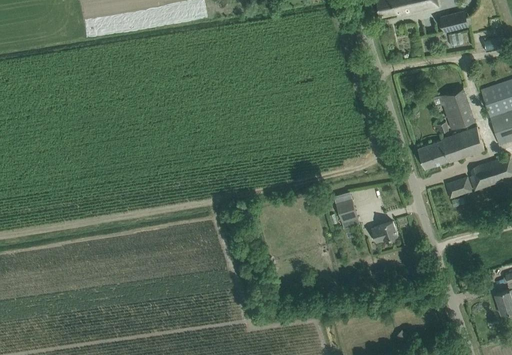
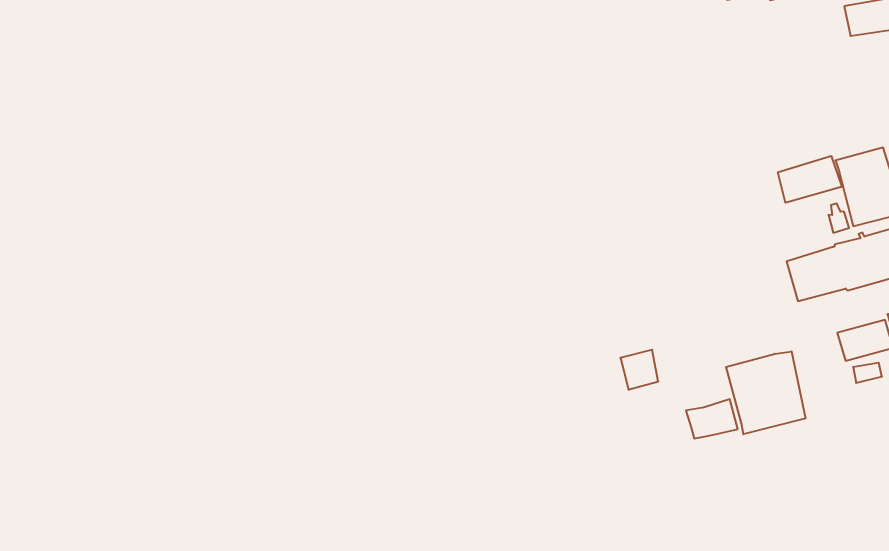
building: none -> [778,156,842,203]
building: none -> [726,351,805,434]

